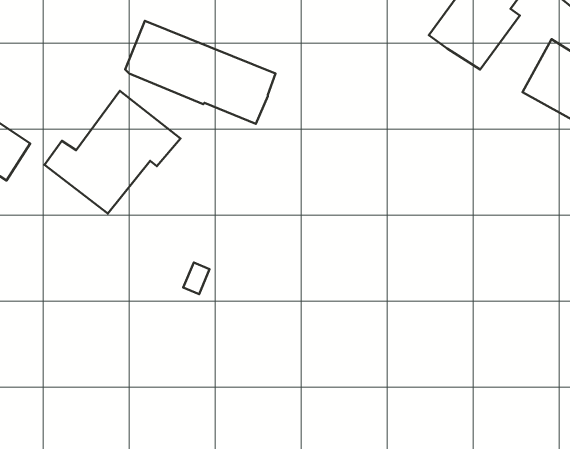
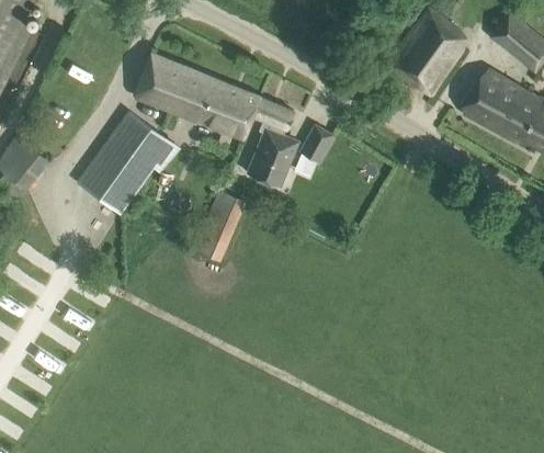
building: none -> [248,98,294,186]
building: none -> [299,125,335,163]
building: none -> [193,190,246,262]

